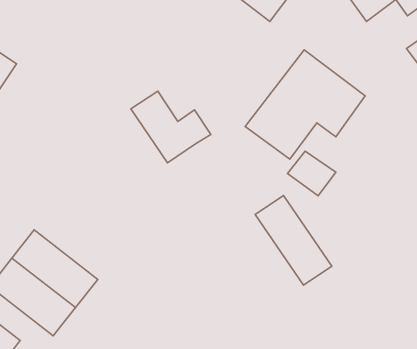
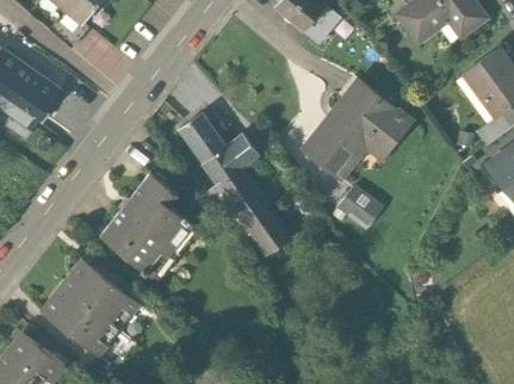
building: none -> [99,176,192,280]
building: [255,196,332,285] -> [216,169,293,260]

